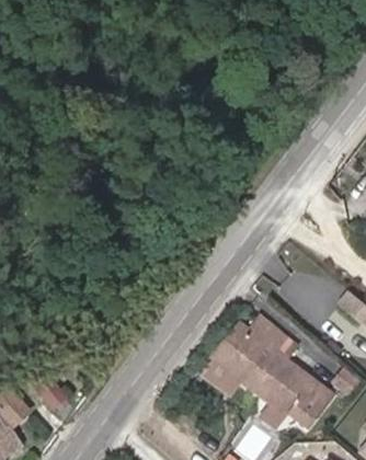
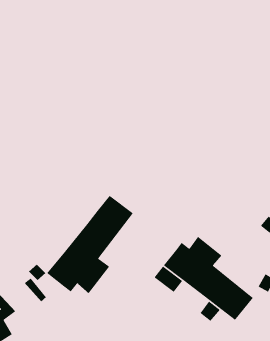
building: none -> [46,195,134,294]

